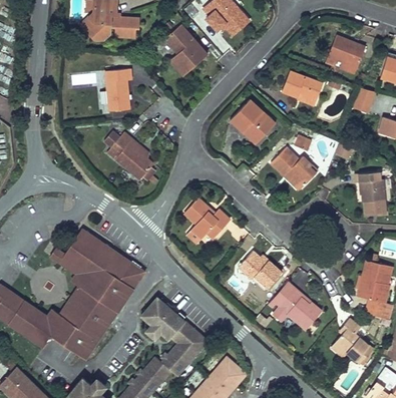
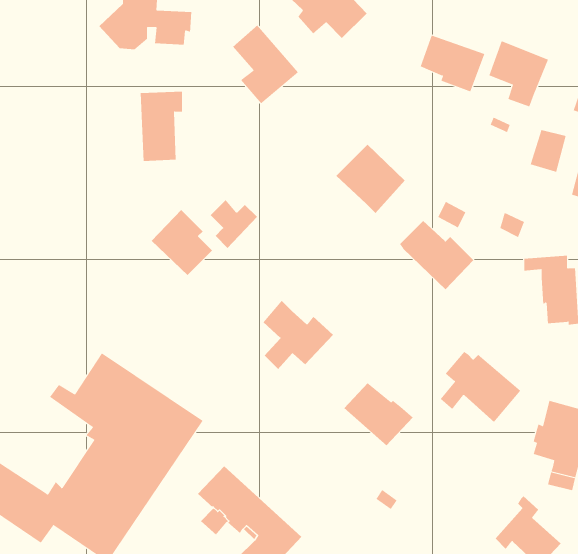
building: [283,70,324,106] -> [420,35,485,92]
building: [103,128,133,159] -> [210,199,258,249]
building: [269,286,320,331] -> [440,351,521,423]

